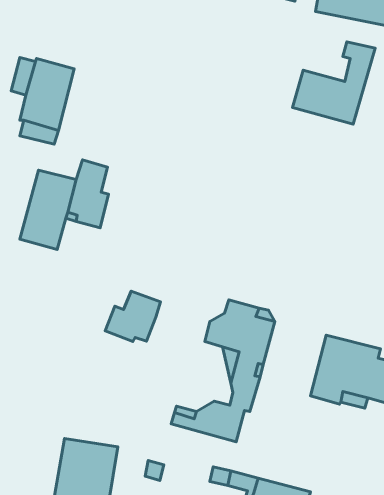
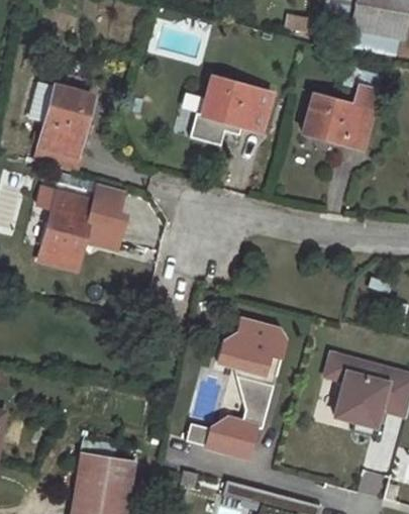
building: none -> [190,77,273,144]
building: [105,291,161,342] -> none

